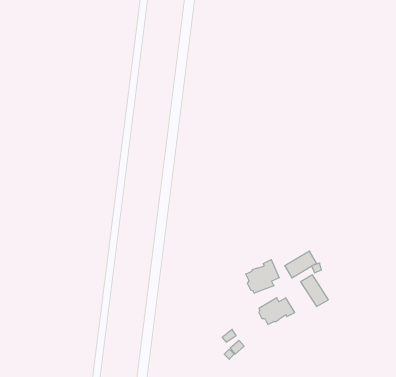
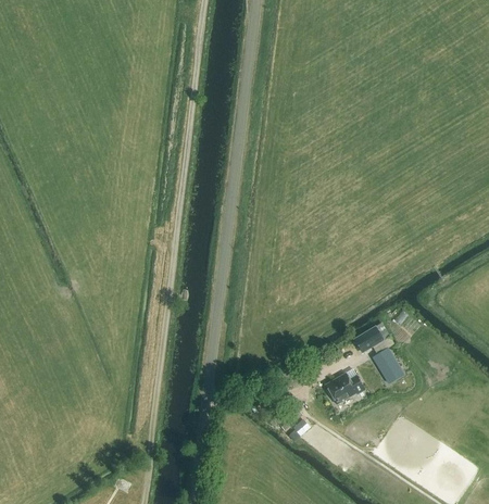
building: [246,260,279,293] -> none

